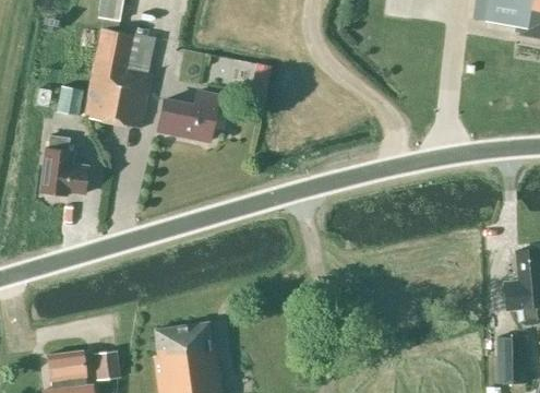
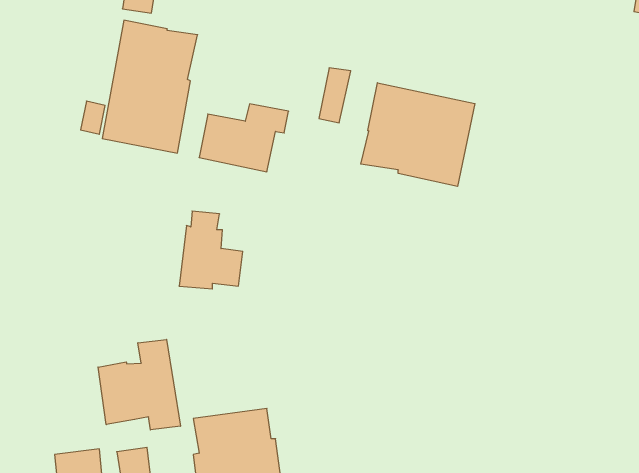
building: none -> [361,83,475,186]
building: [40,135,88,194] -> [179,211,243,289]
building: none -> [98,339,180,430]

